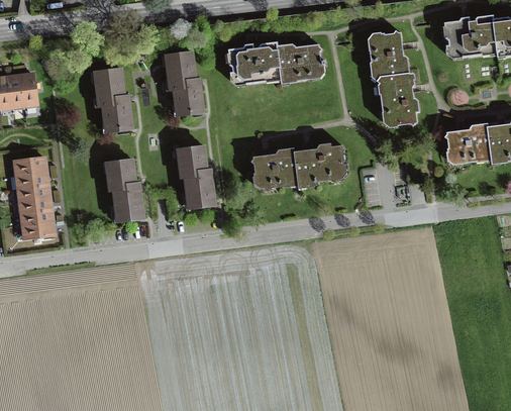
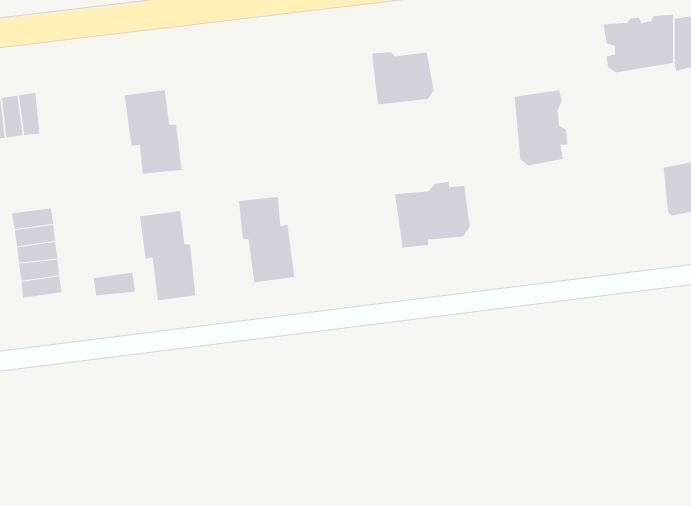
building: [367,31,406,76] -> none
building: [234,46,277,79] -> none
building: [166,55,207,121] -> none
building: [444,122,489,165] -> none
building: [248,142,296,187] -> none
building: [21,218,53,235] -> [93,272,136,296]

